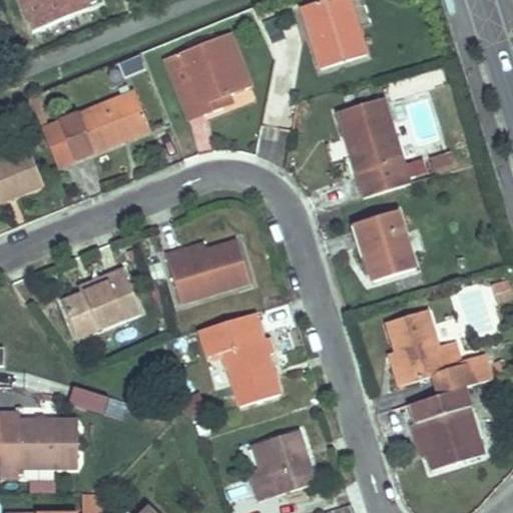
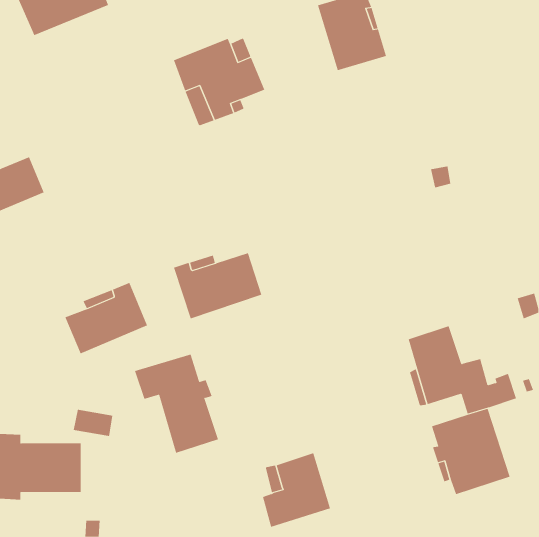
building: [41,89,149,165] -> none
building: [336,96,405,197] -> none
building: [360,210,415,281] -> none
building: [199,312,280,406] -> [134,354,219,453]

